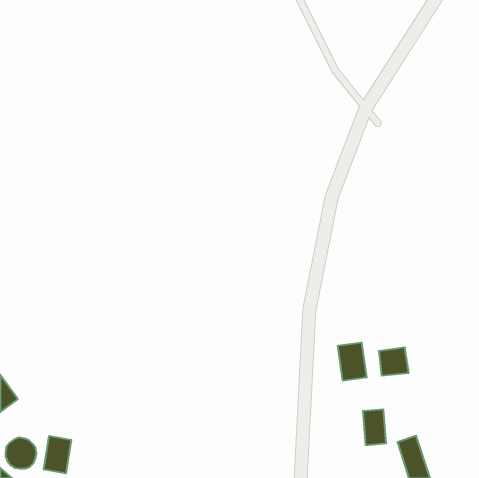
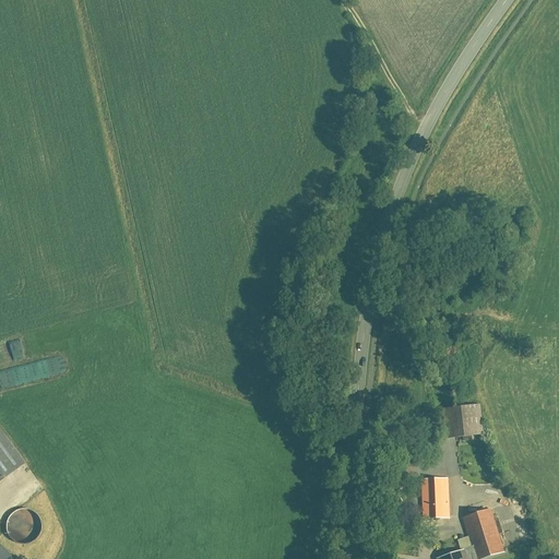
building: [338,342,367,381] -> none
building: [44,436,71,473] -> none

